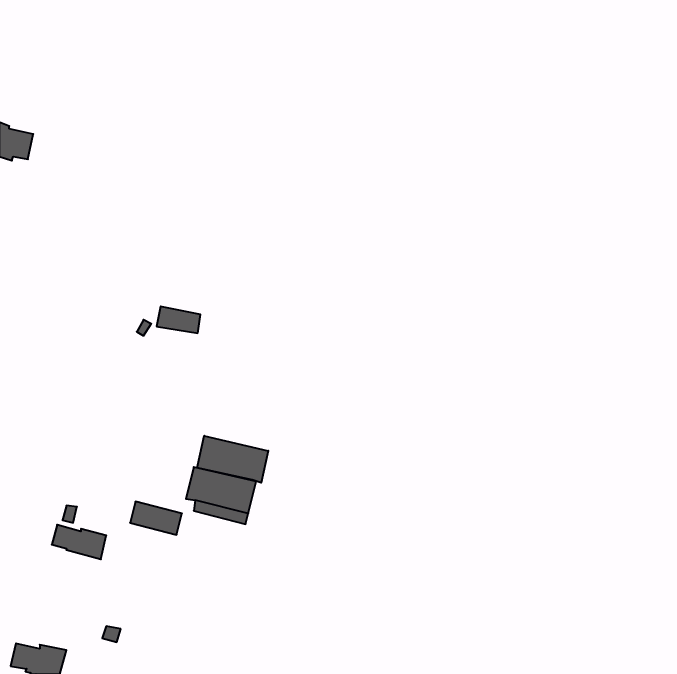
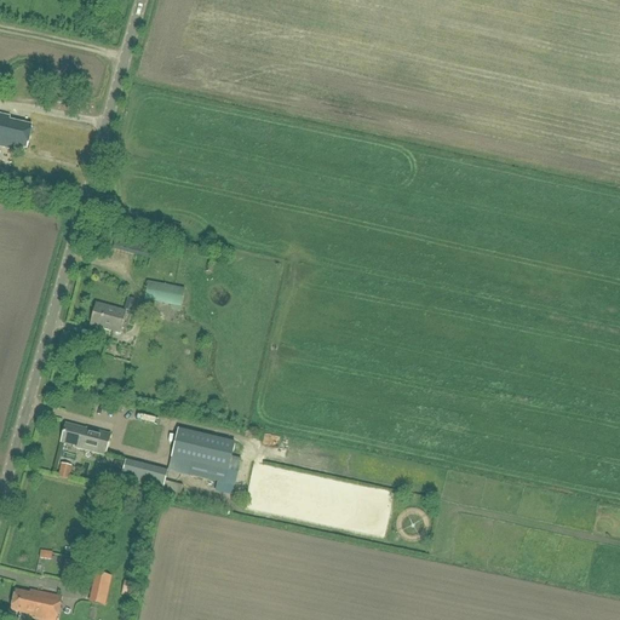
building: none -> [88,300,125,331]
building: [197,436,268,483] -> none
building: [52,525,106,559] -> [61,421,110,453]

